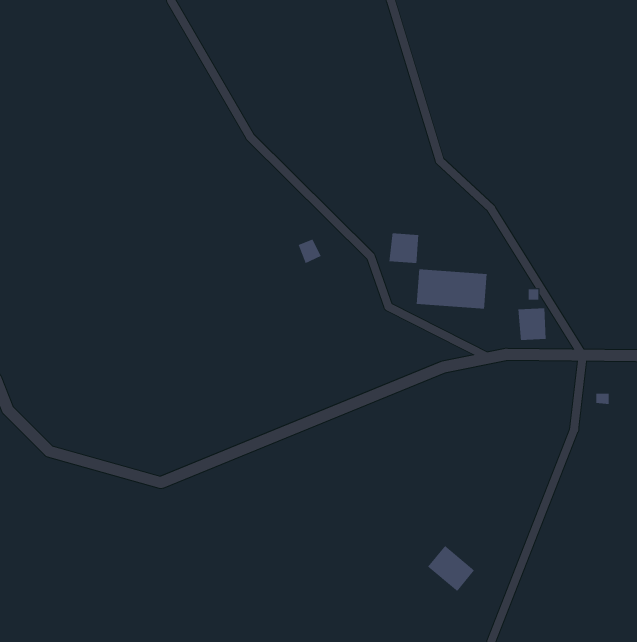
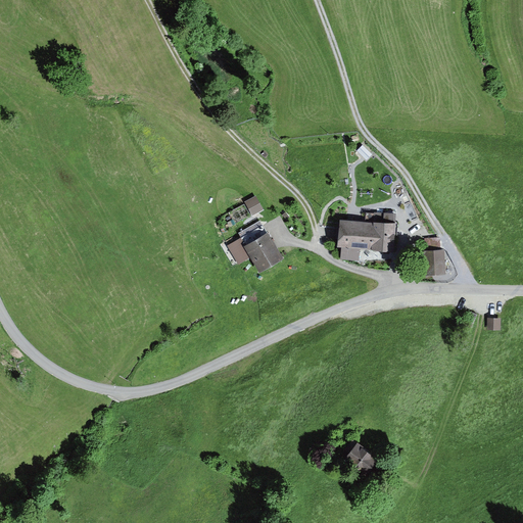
building: [389,232,419,264] -> none
building: none -> [223,234,280,271]

